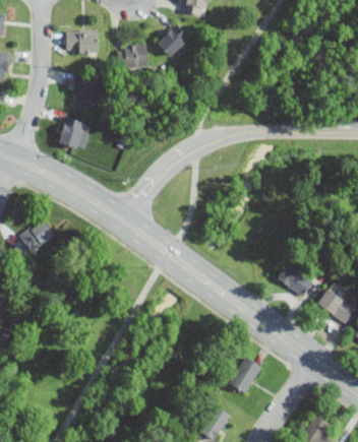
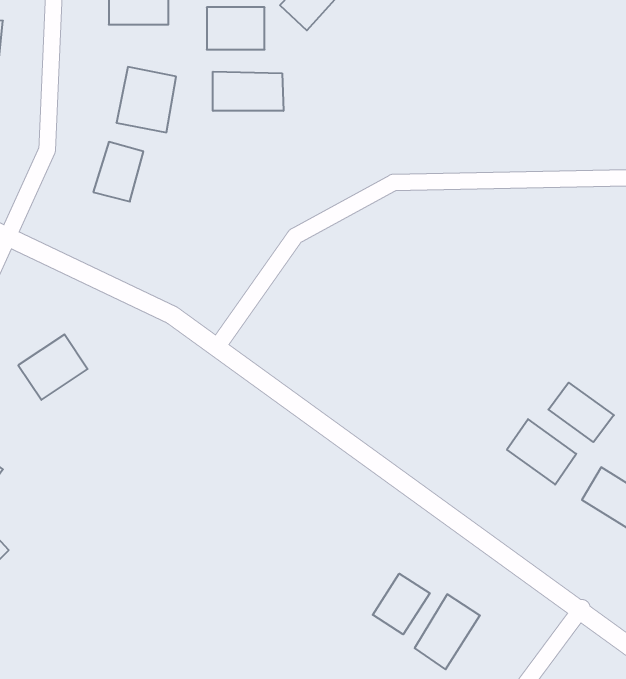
building: none -> [213,72,283,111]
building: none -> [548,383,614,442]
building: none -> [373,574,430,634]

